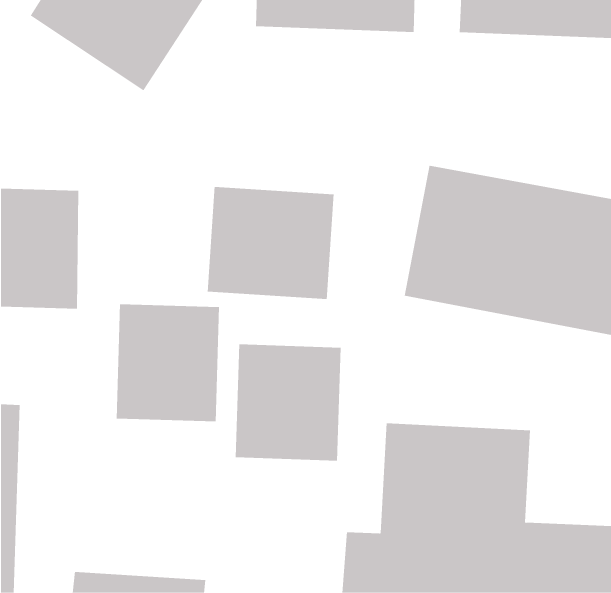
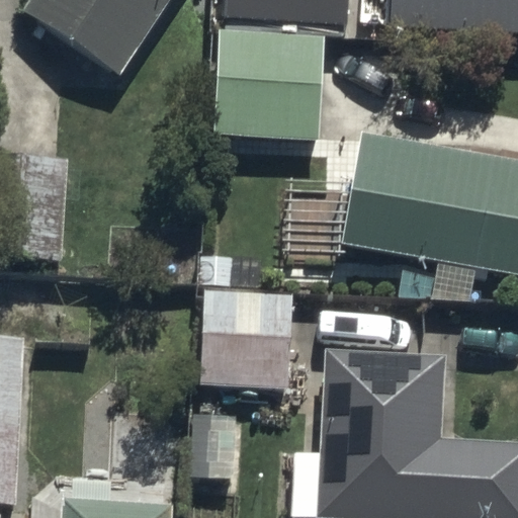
building: none -> [211,32,326,142]
building: [207,186,334,300] -> none
building: [116,303,219,422] -> none

